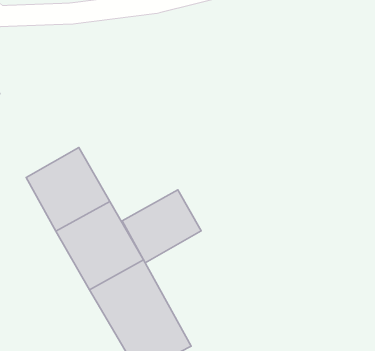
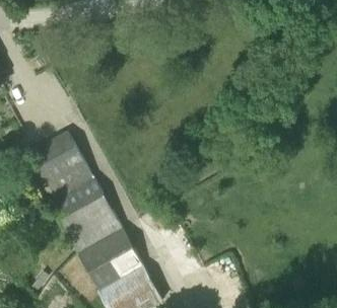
building: [122,190,201,263] -> none

